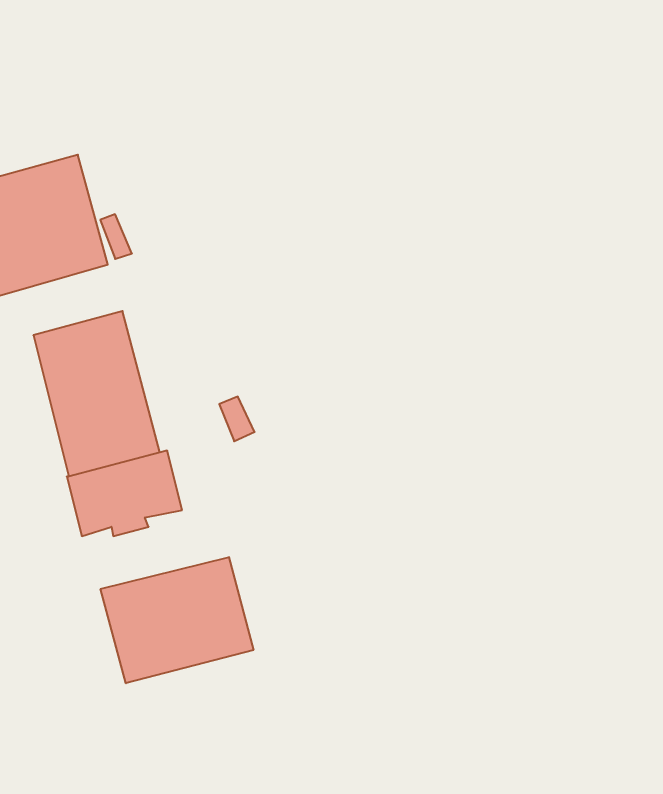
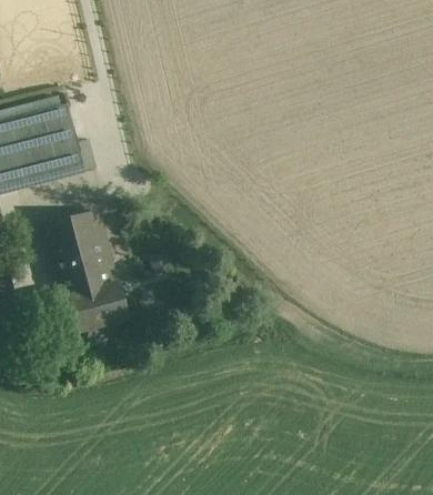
building: [101,557,253,683] -> none

